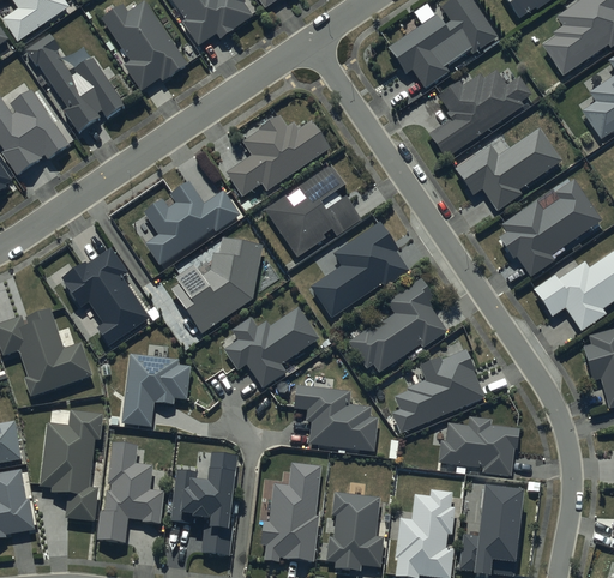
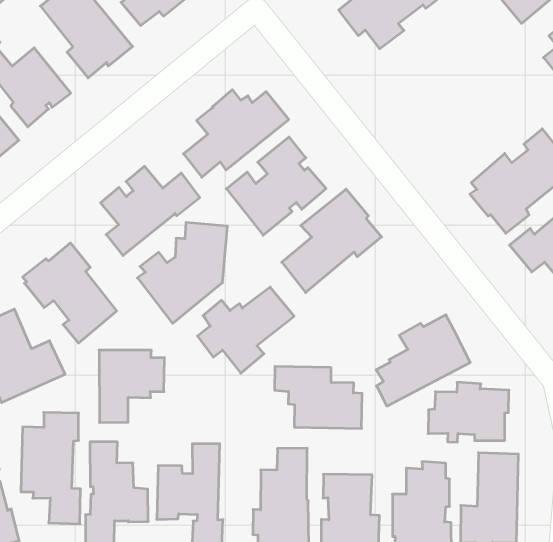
building: [428,68,532,157] -> none
building: [455,127,562,210] -> none
building: [349,278,447,372] -> none

